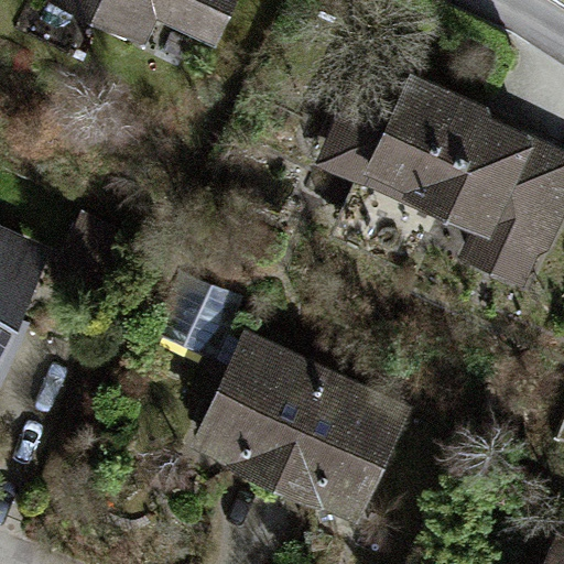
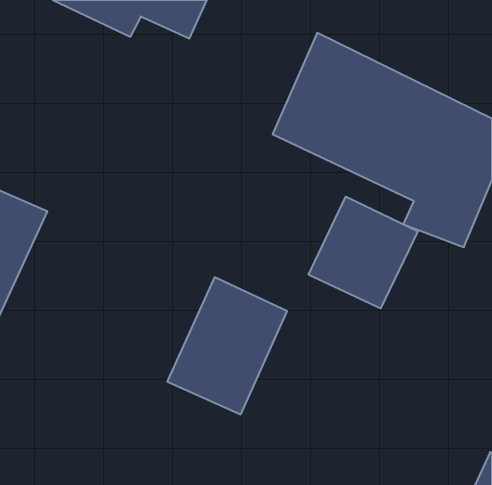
building: none -> [309,197,418,308]
building: [274,365,412,522] -> none

